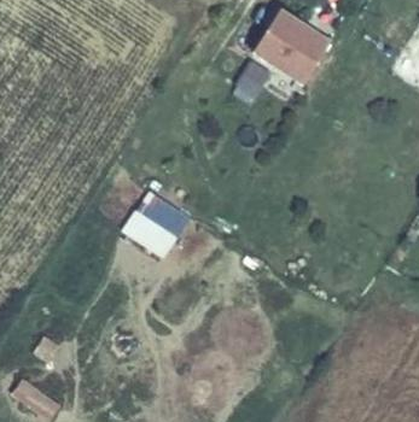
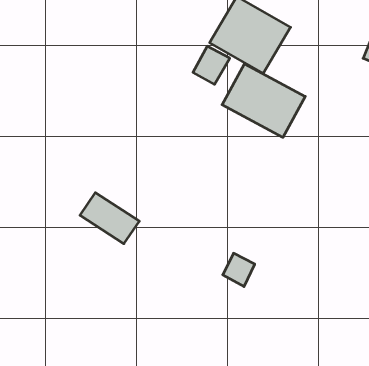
building: none -> [222,64,305,137]

